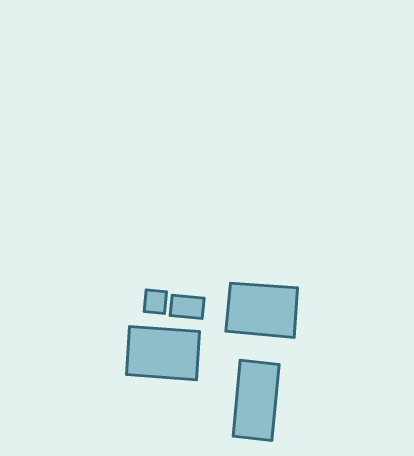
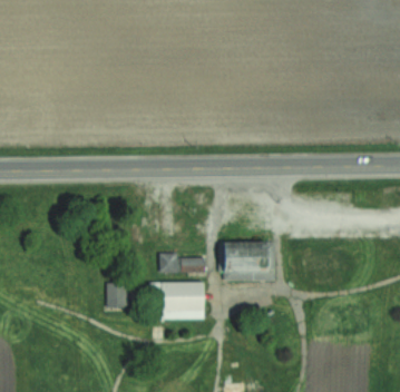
building: none -> [107,283,130,308]
building: [233,360,279,440] -> none

